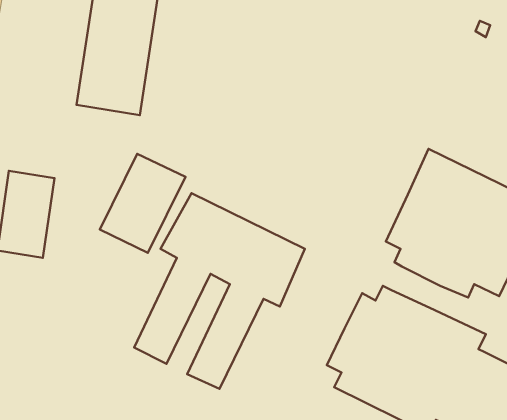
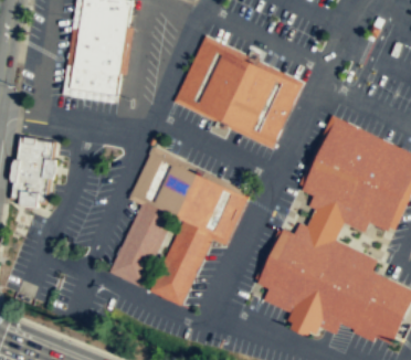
building: none -> [179,41,297,142]
building: [100,154,185,253] -> none
building: none -> [306,209,342,240]

